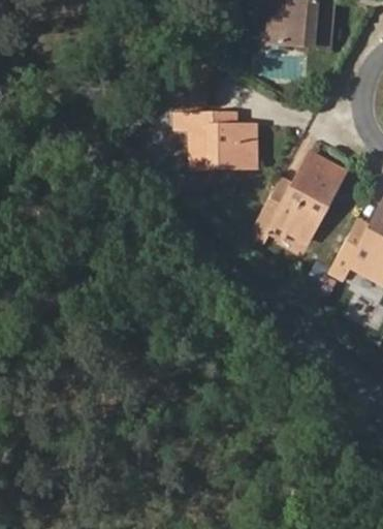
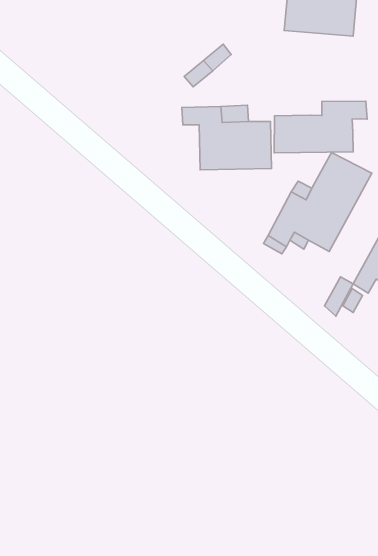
building: none -> [274,101,367,153]

